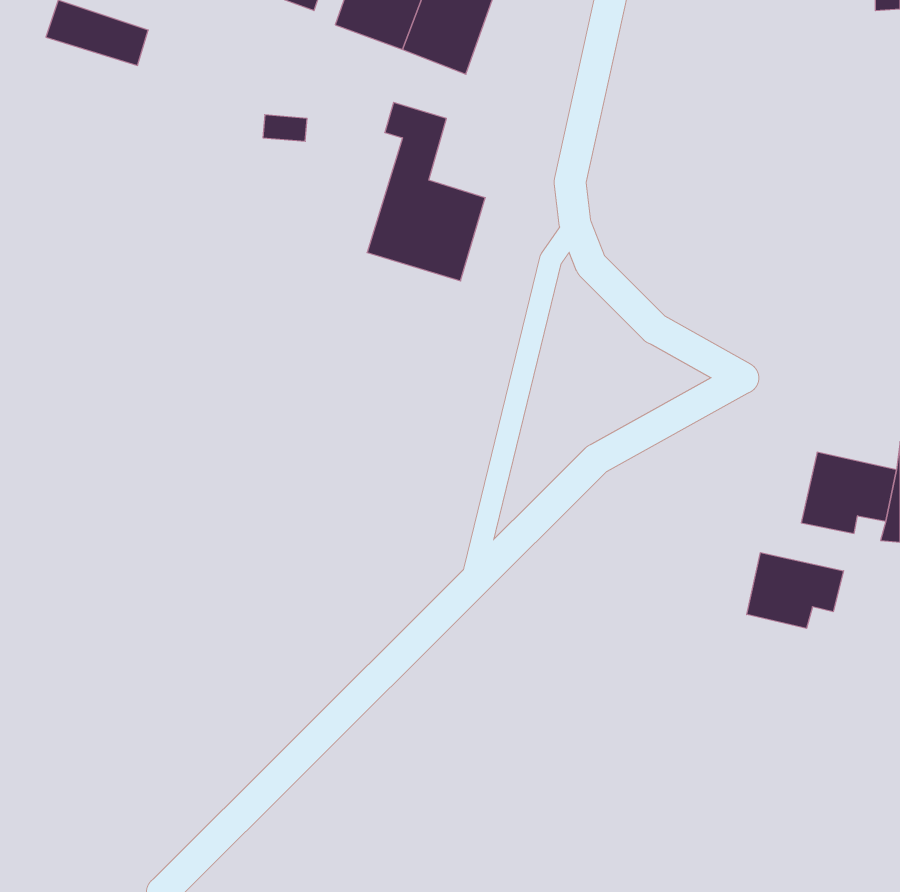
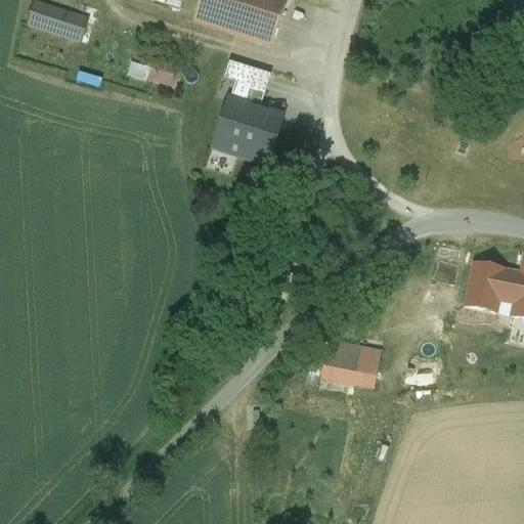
building: [747,553,844,628] -> none
building: none -> [320,339,381,386]

